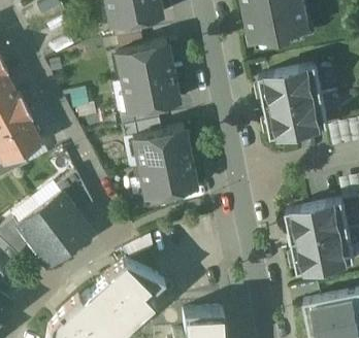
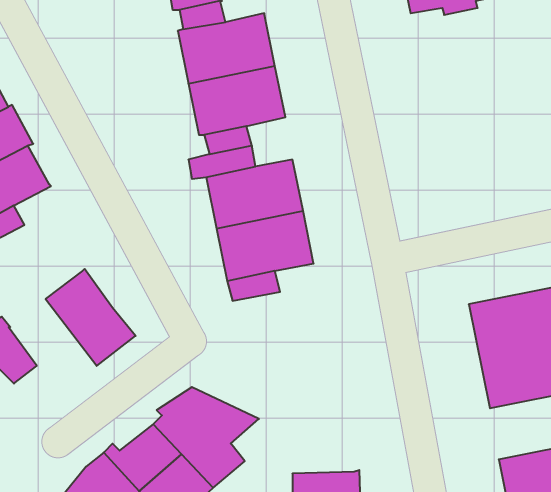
building: [259,66,328,138] -> none
building: [55,171,92,213] -> none
building: [17,208,68,265] -> none

